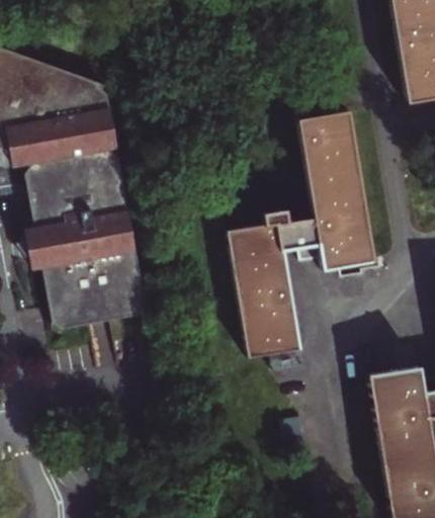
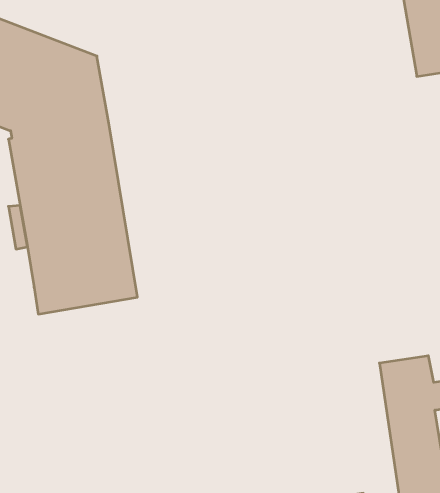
building: [230,112,373,356] -> none

